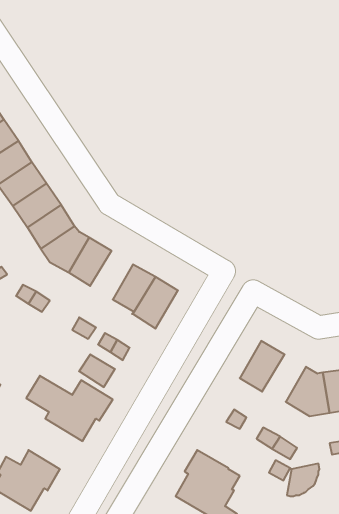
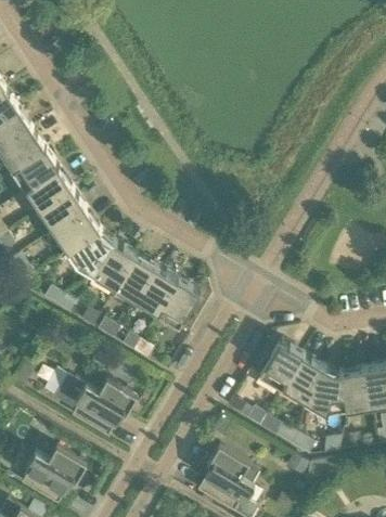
building: none -> [115,254,156,300]
building: none -> [281,353,323,399]

